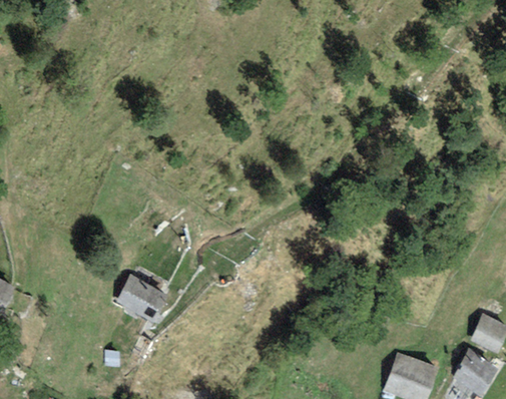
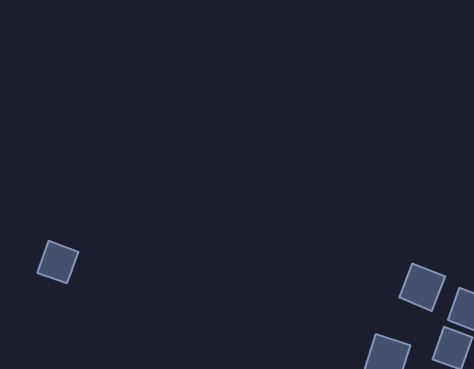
building: [124,279,164,320] -> [37,241,79,283]
building: none -> [399,264,445,311]

